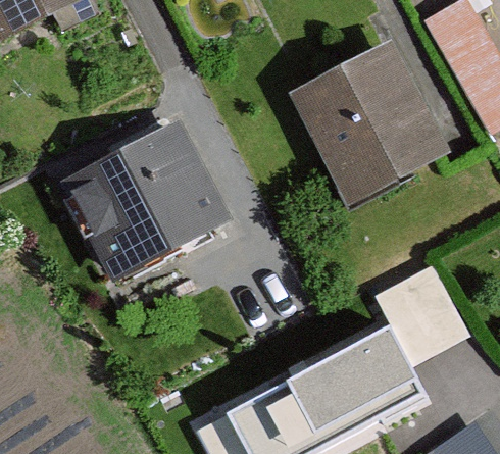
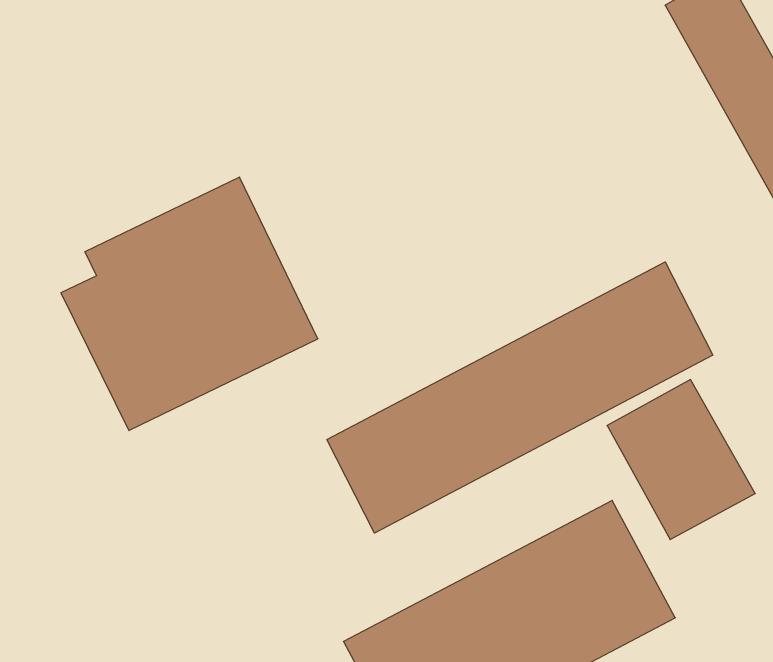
building: [289,46,446,207] -> none
building: none -> [327,262,713,533]

